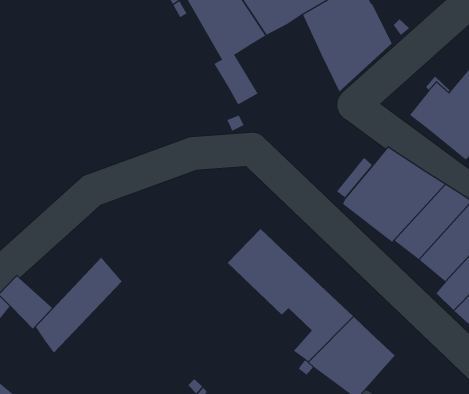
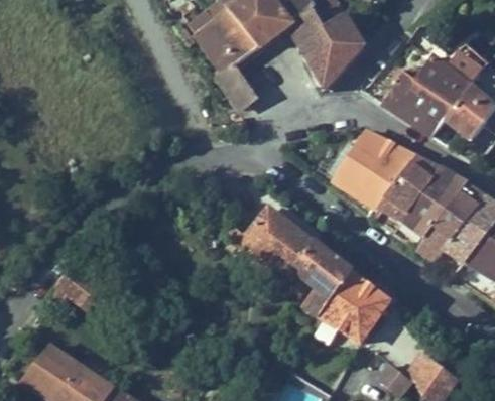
building: [35,257,122,354] -> none

